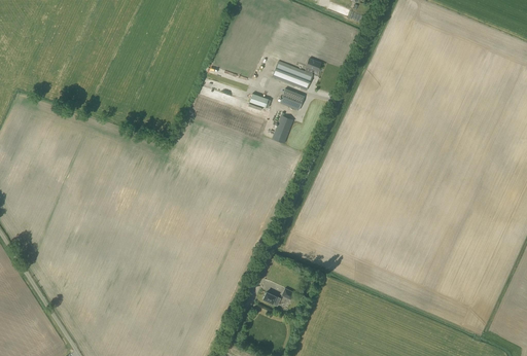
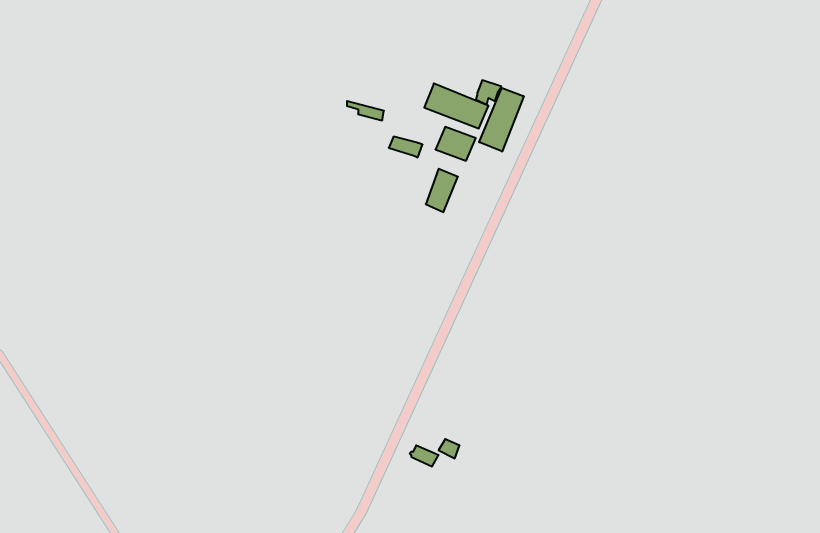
building: none -> [479,88,524,152]

